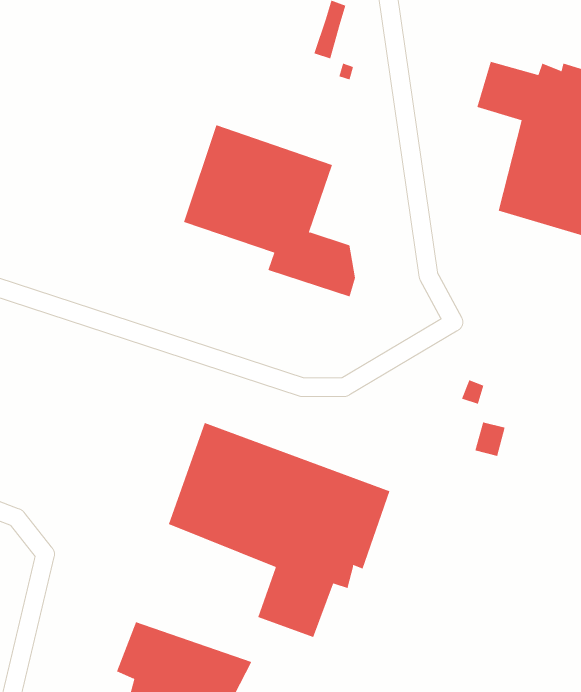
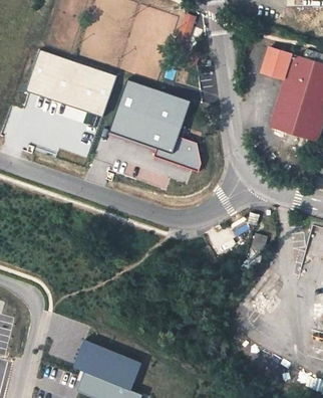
building: none -> [26,50,114,117]
building: [168,422,390,638] -> none

